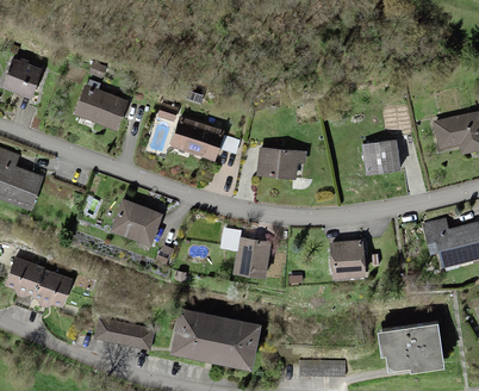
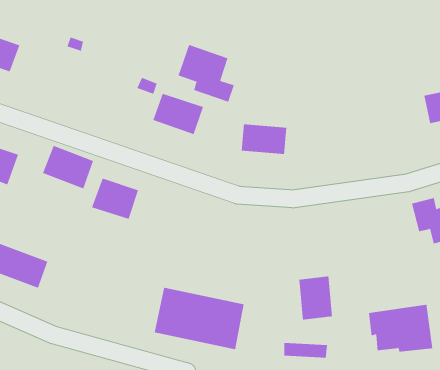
building: none -> [178,44,235,103]
building: [74,86,124,129] -> [42,145,94,189]
building: [361,141,398,173] -> none
building: [226,237,268,277] -> none
building: [330,240,363,283] -> [299,276,333,320]
building: [94,319,153,349] -> none

